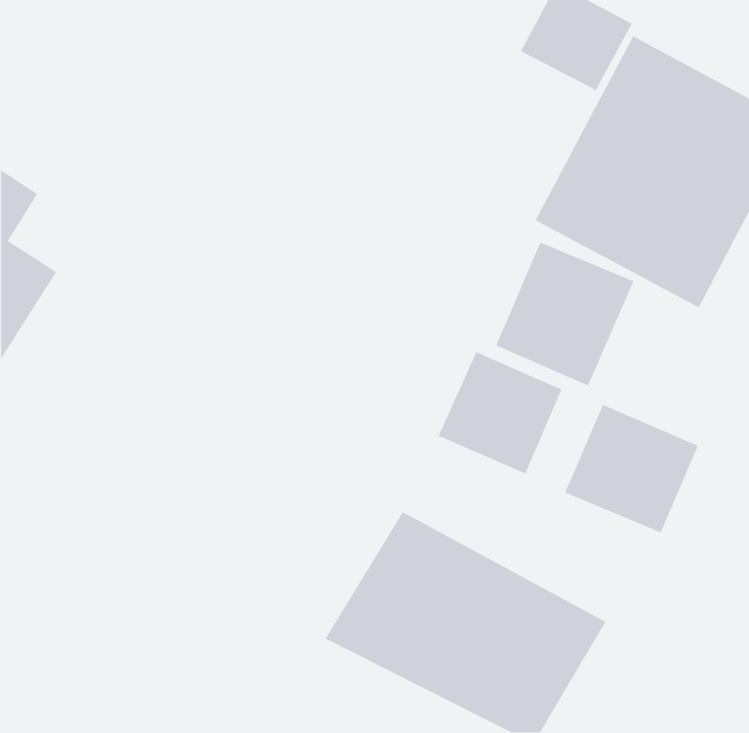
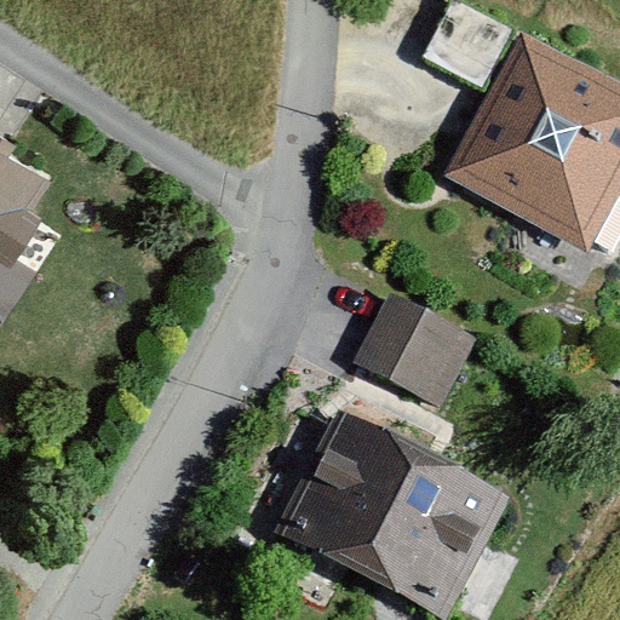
building: [495,241,634,387] -> none
building: [564,404,699,534] -> none

